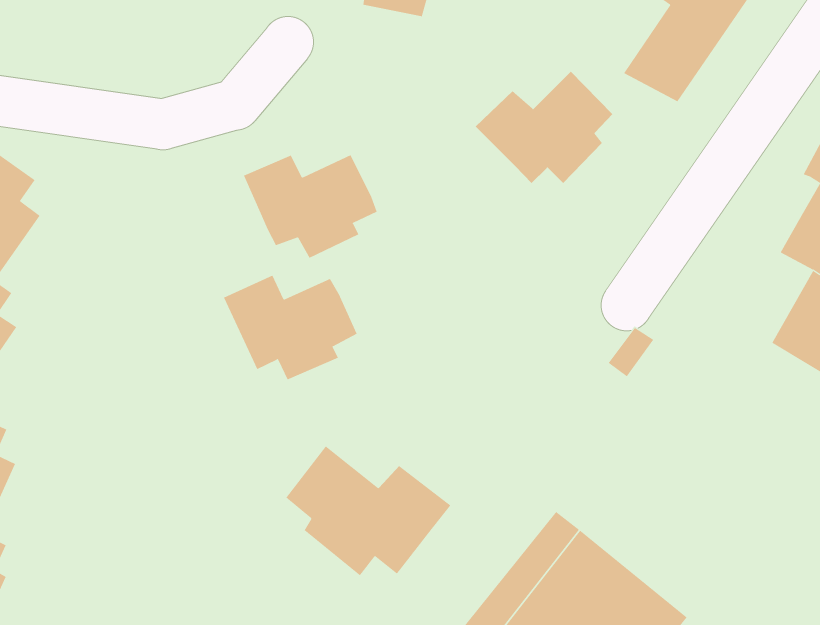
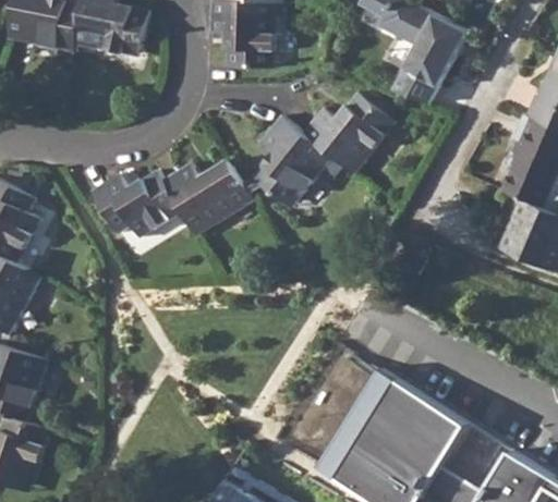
building: none -> [254,117,322,204]
building: [223,275,357,380] -> [92,172,178,238]
building: [285,445,451,576] -> none

